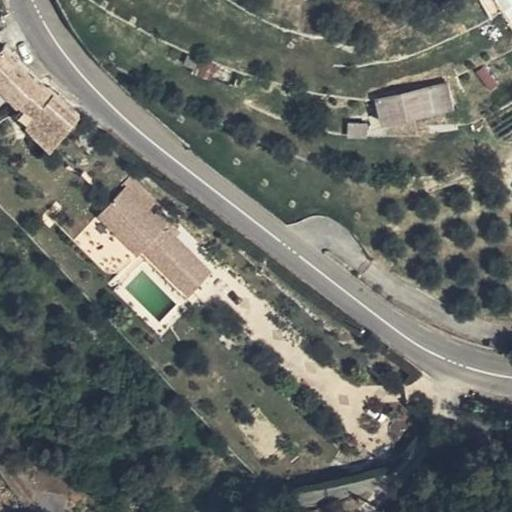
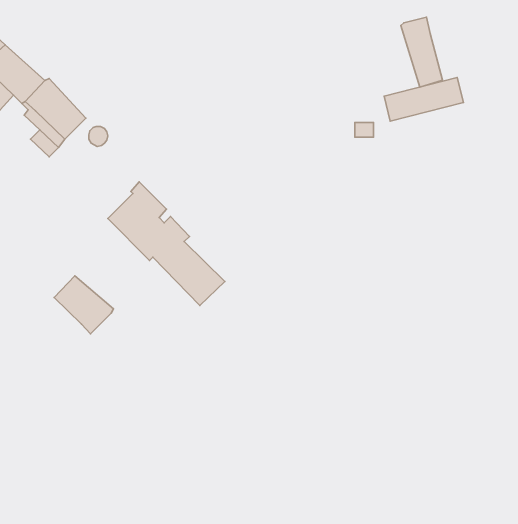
building: none -> [401,17,443,87]
building: none -> [54,276,113,334]

